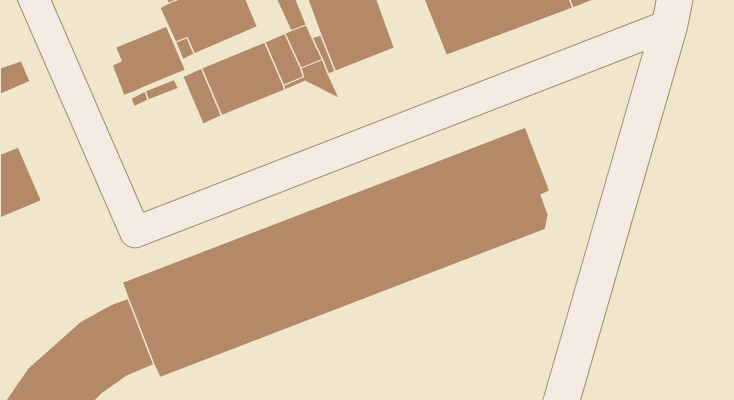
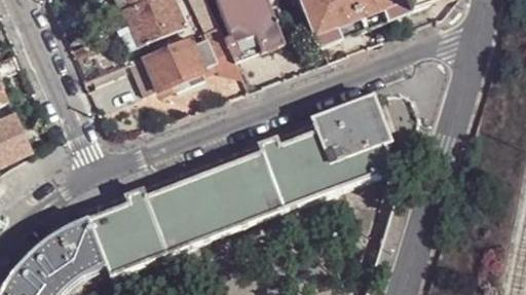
building: [112,26,185,95] -> none

